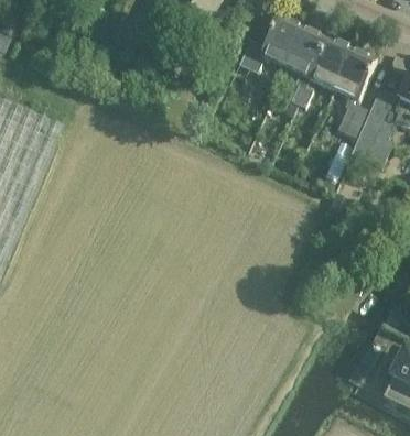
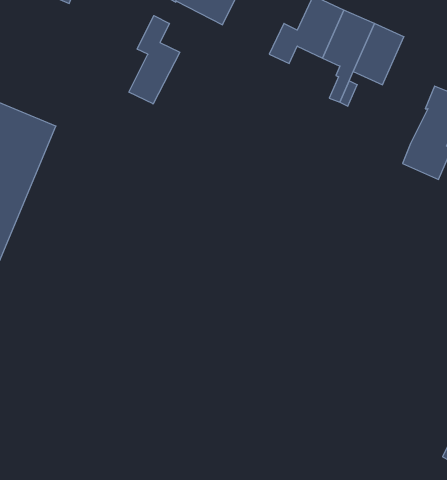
building: none -> [129,16,180,104]
building: [334,46,376,134] -> none

